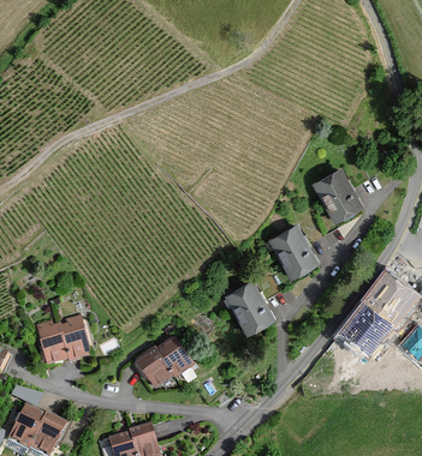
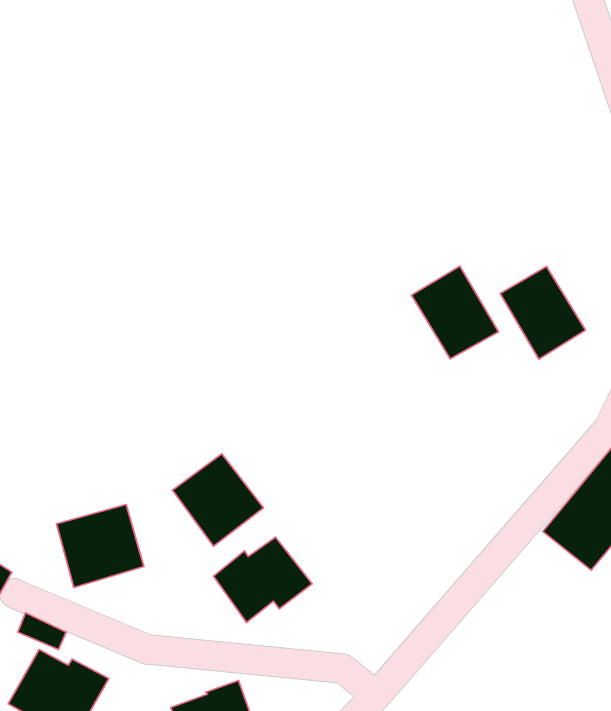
building: [267,222,321,280] -> [411,266,499,359]
building: [222,280,278,337] -> none
building: none -> [172,454,264,546]

